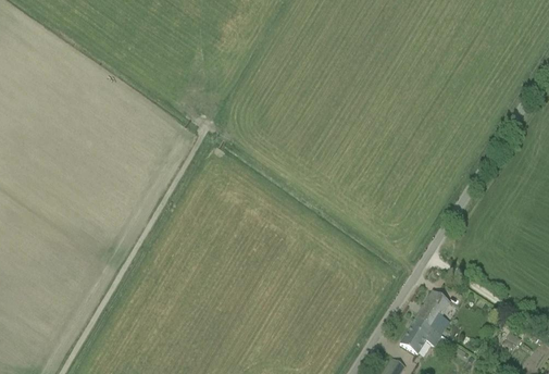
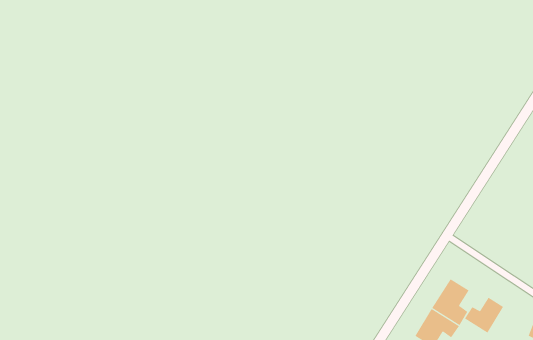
building: none -> [464,297,504,333]

